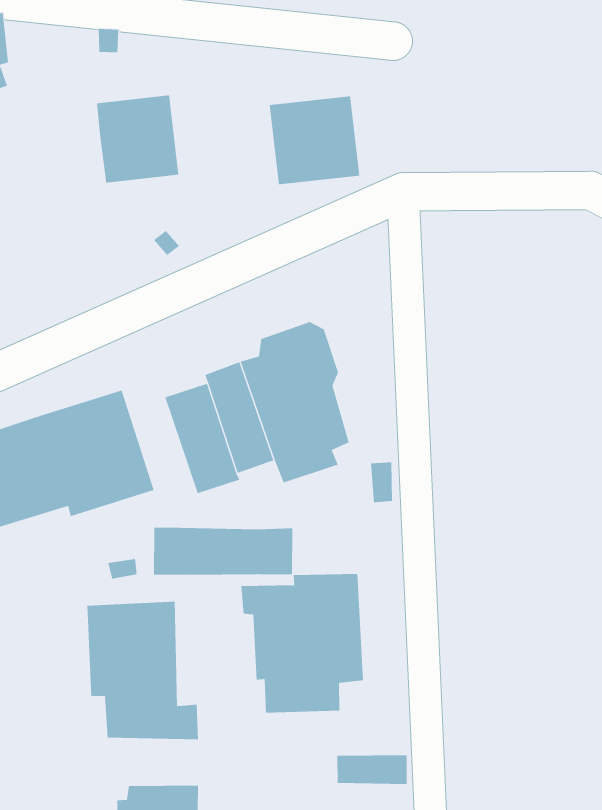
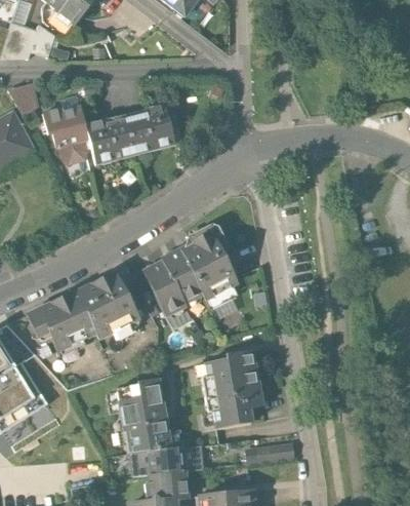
building: none -> [40,101,90,164]
building: [269,96,360,185] -> [124,103,176,154]
building: [153,527,293,575] -> [128,444,204,478]

